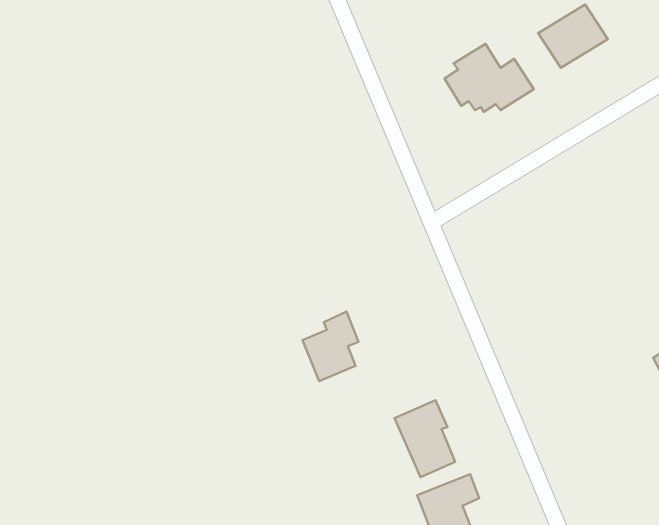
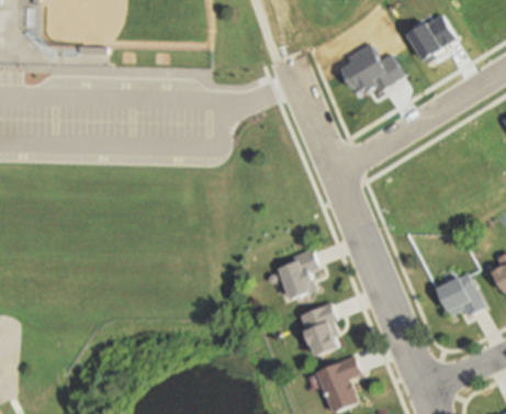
building: [303,312,359,381] -> [279,248,319,299]
building: none -> [434,273,481,316]

